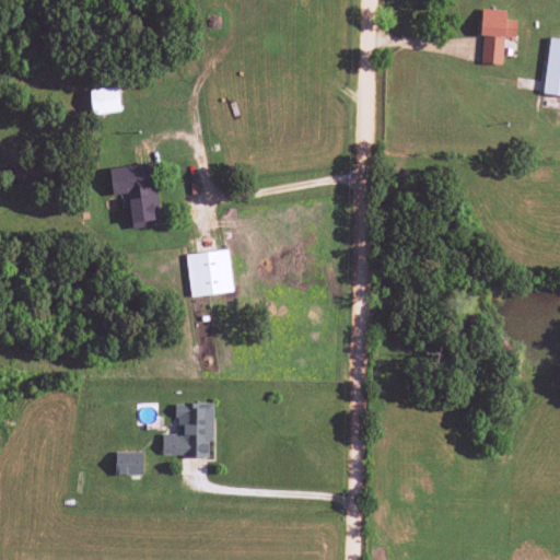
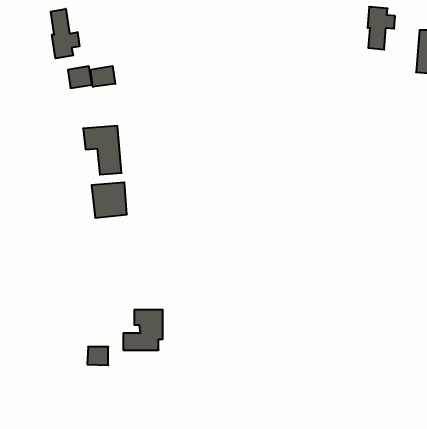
building: none -> [51,9,79,58]
building: none -> [90,66,115,87]
building: [187,250,233,296] -> [92,182,127,218]

